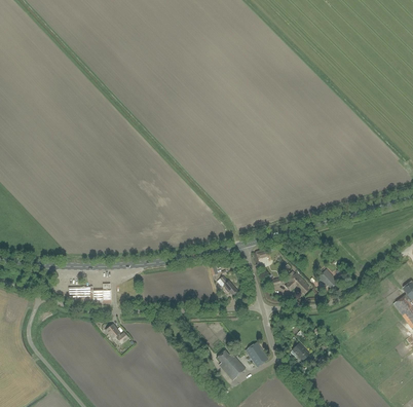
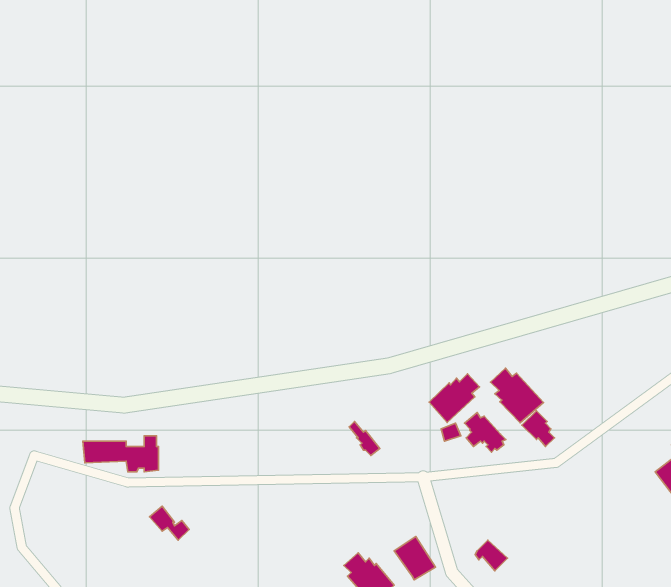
building: none -> [491,368,543,423]
building: none -> [429,374,480,422]

